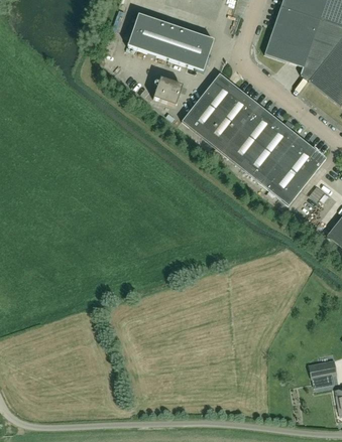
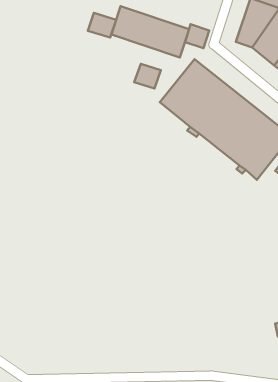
building: none -> [88,13,116,38]
building: none -> [185,24,209,48]

